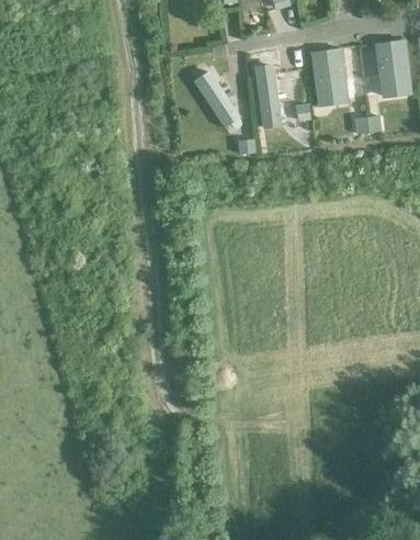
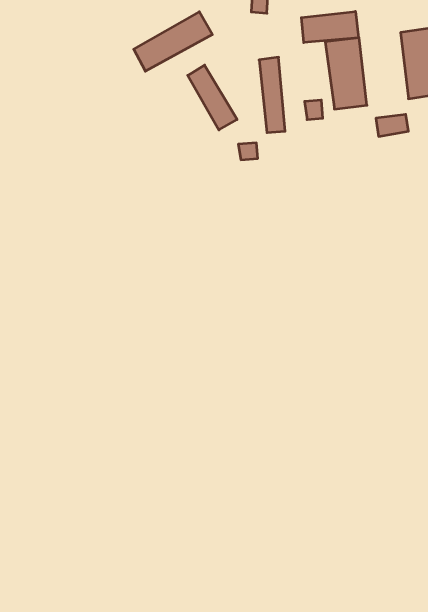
building: none -> [301,11,358,43]
building: none -> [134,12,212,71]

